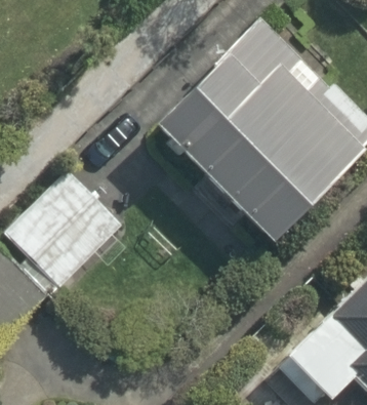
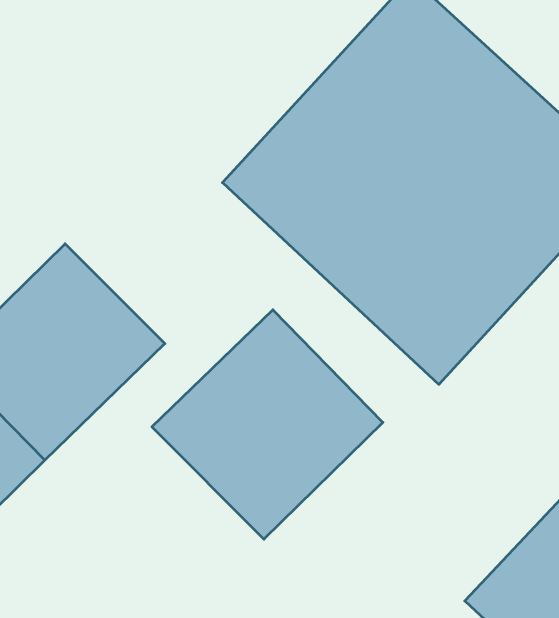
building: none -> [152,310,383,539]

